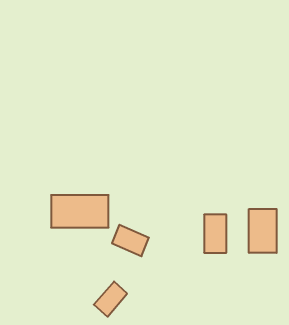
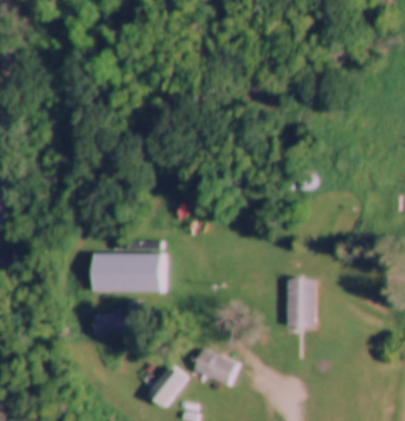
building: [249,209,277,253] -> none
building: [112,225,149,256] -> [191,346,238,387]

